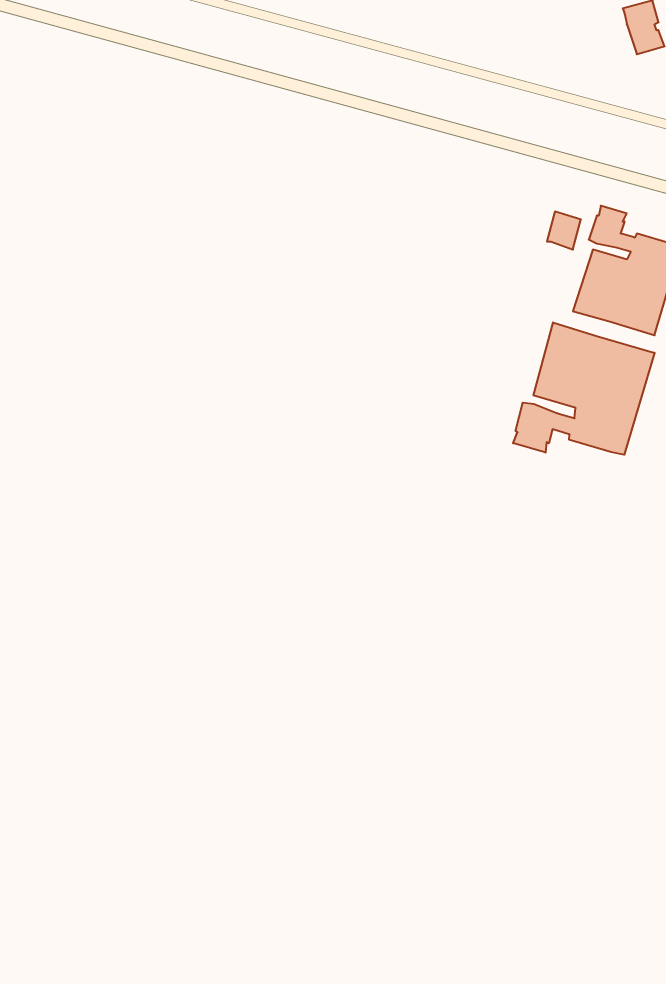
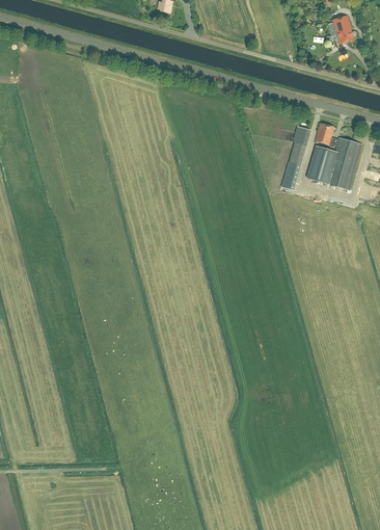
building: [513,322,655,455] -> none

